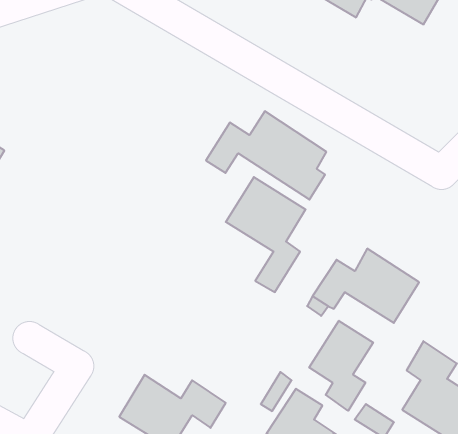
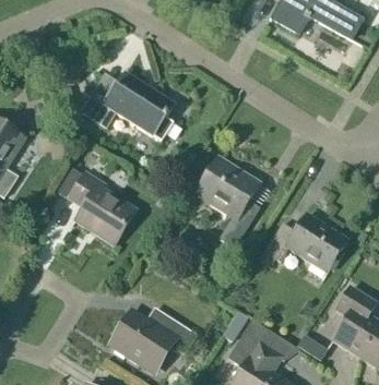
building: [206,111,326,200] -> [79,72,173,141]
building: none -> [68,170,135,243]
building: [309,321,373,411] -> none

